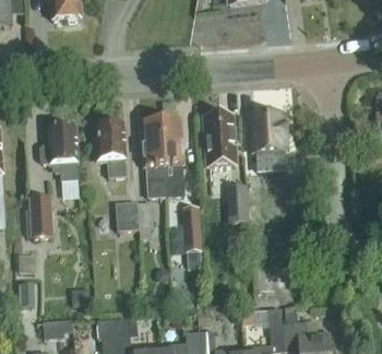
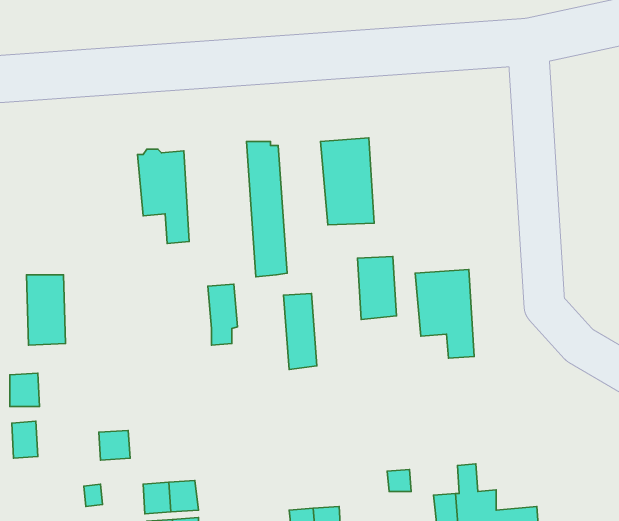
building: [249,114,284,166] -> [415,269,474,358]
building: [141,117,164,198] -> none
building: [38,123,76,180] -> none
building: [114,200,138,229] -> none

